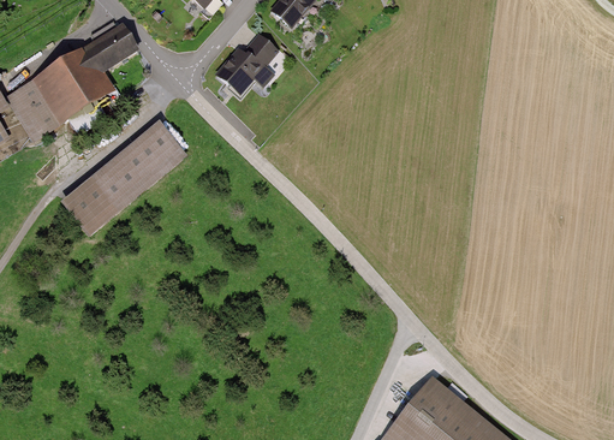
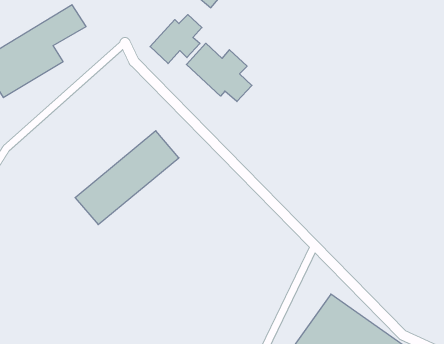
building: none -> [186,43,252,102]
building: [56,124,181,237] -> [75,131,179,225]

